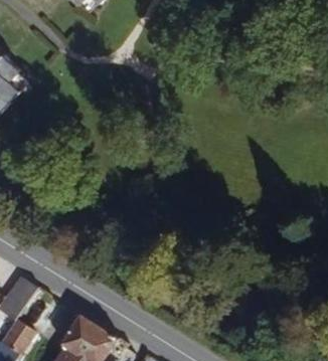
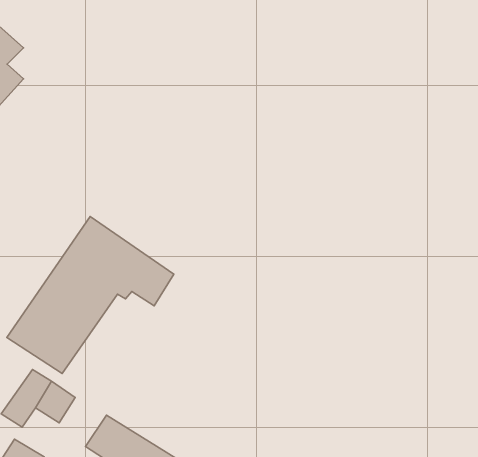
building: none -> [7,217,174,373]

